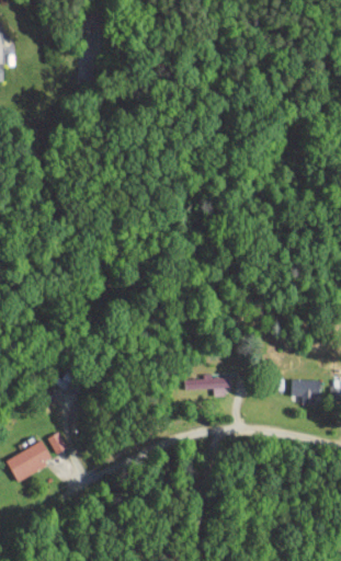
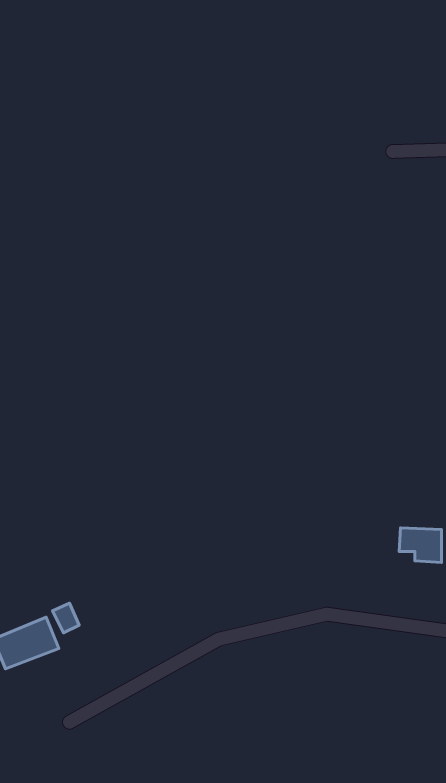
building: [185,376,232,396] -> none

